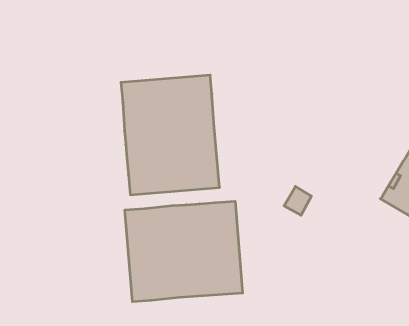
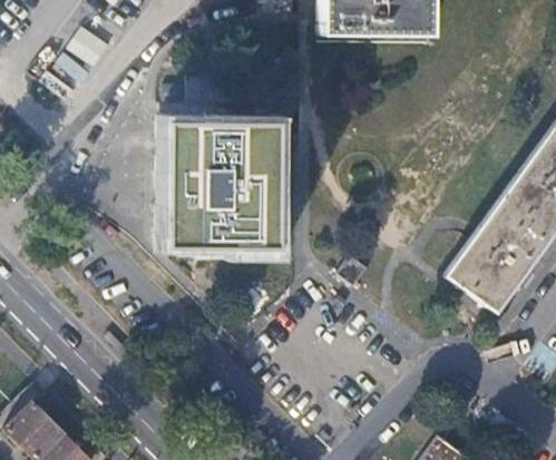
building: [125,201,243,302] -> none

